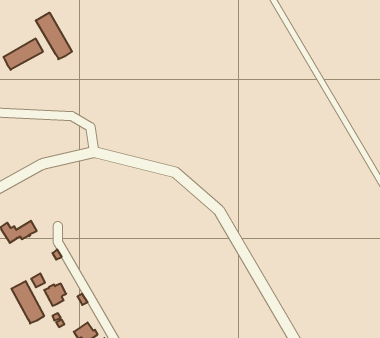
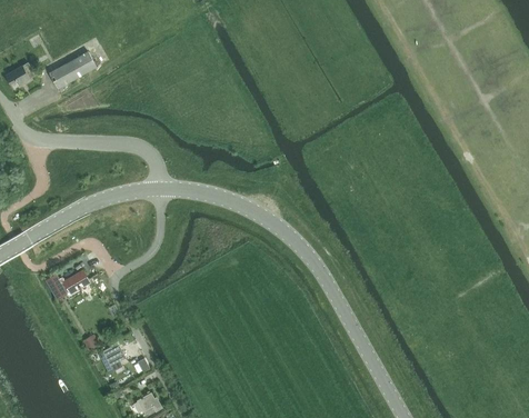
building: [36,13,72,59] -> none
building: [11,281,44,324] -> none

